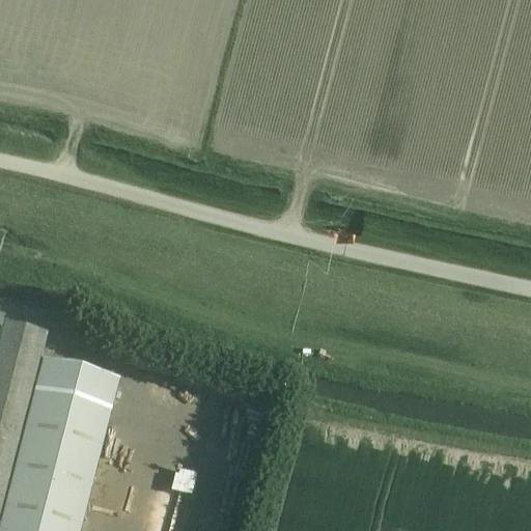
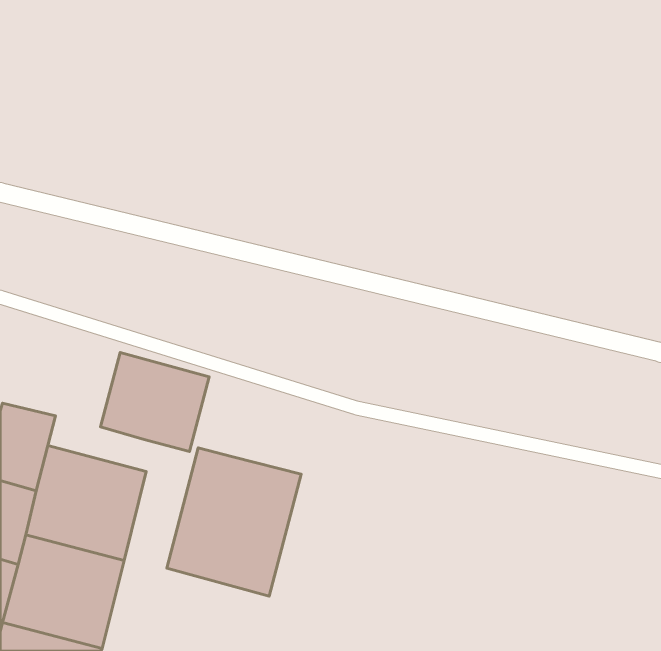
building: none -> [101,352,209,451]
building: none -> [167,448,301,596]

